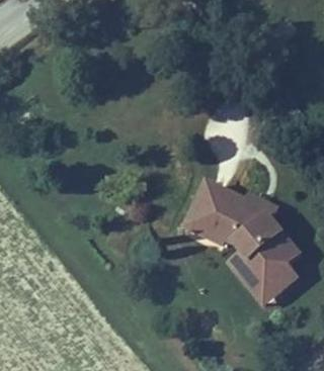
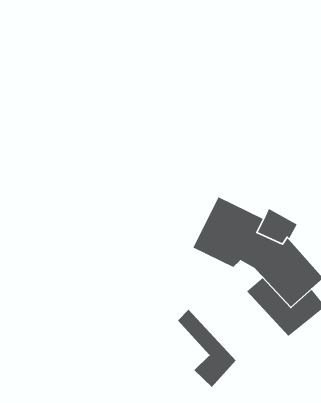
building: none -> [177,309,236,388]

